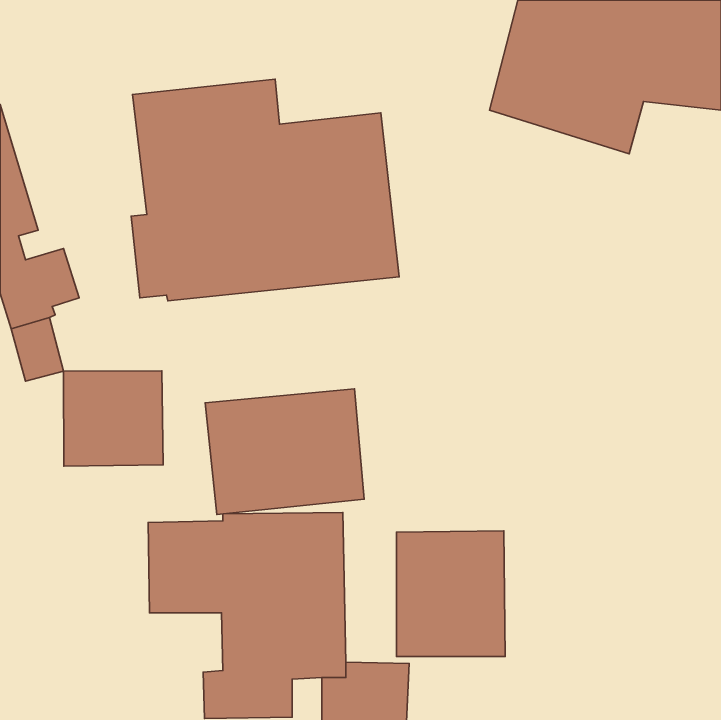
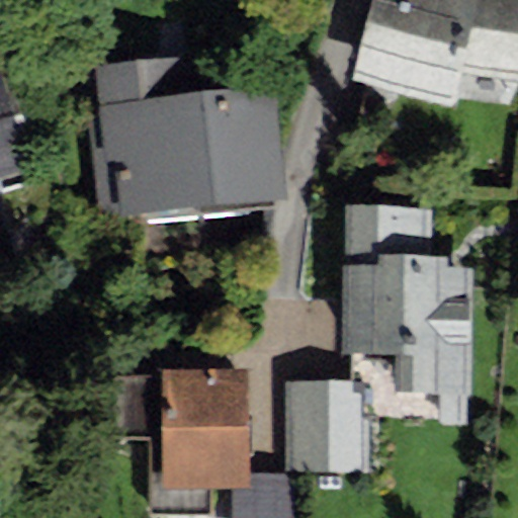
building: none -> [343,205,472,395]
building: [63,371,163,466] -> none
building: [205,389,364,515] -> none

